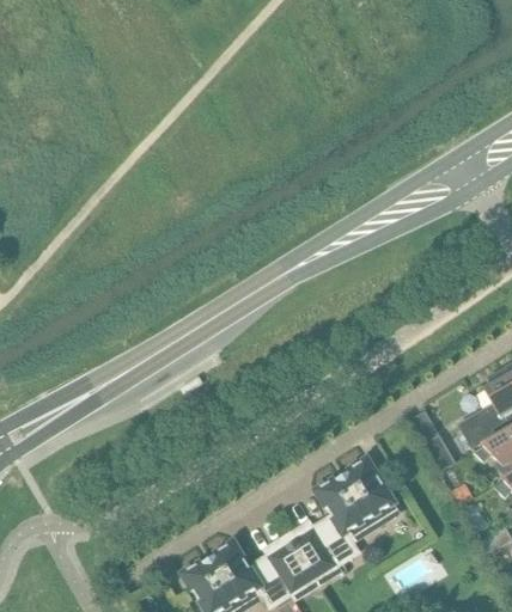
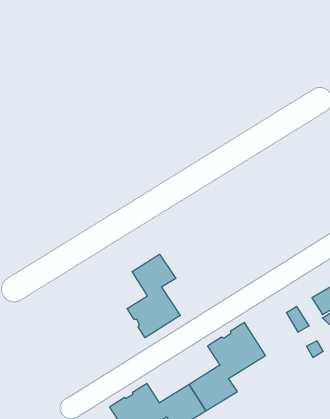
building: none -> [127,254,180,338]

